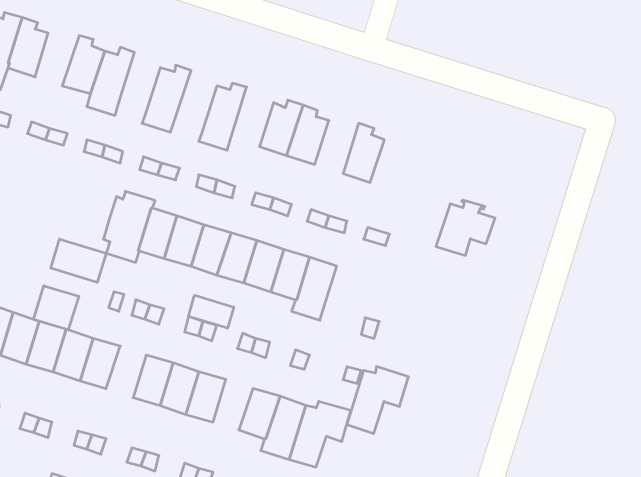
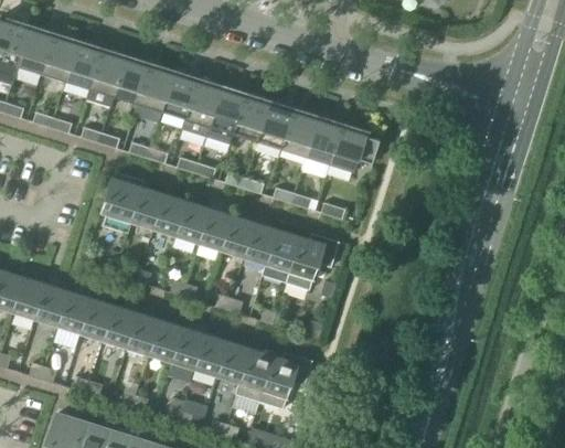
building: none -> [41,34,78,82]
building: none -> [113,53,148,104]
building: none -> [160,68,196,119]
building: none -> [205,83,245,145]
building: none -> [280,109,318,157]
building: [436,200,495,255] -> [328,125,379,172]
building: [51,239,106,282] -> none
building: [33,286,79,330] -> none
building: [188,295,234,328] -> none
building: none -> [102,305,136,349]
building: [347,367,409,434] -> [285,233,338,290]
building: none -> [193,333,227,376]

